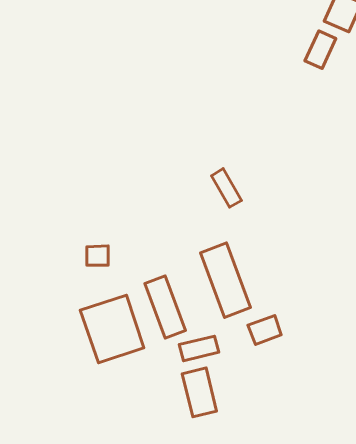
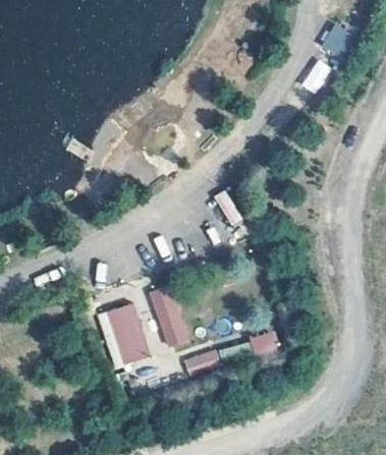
building: [200,243,251,317] -> none
building: [182,368,217,417] -> none

